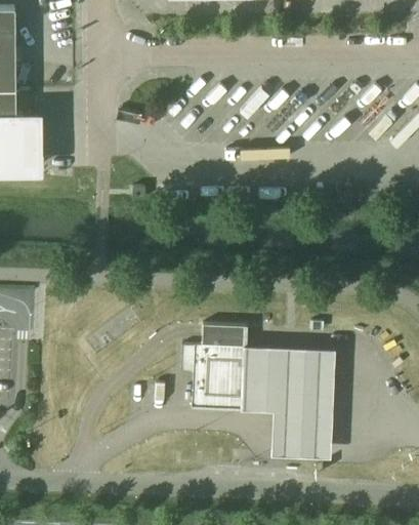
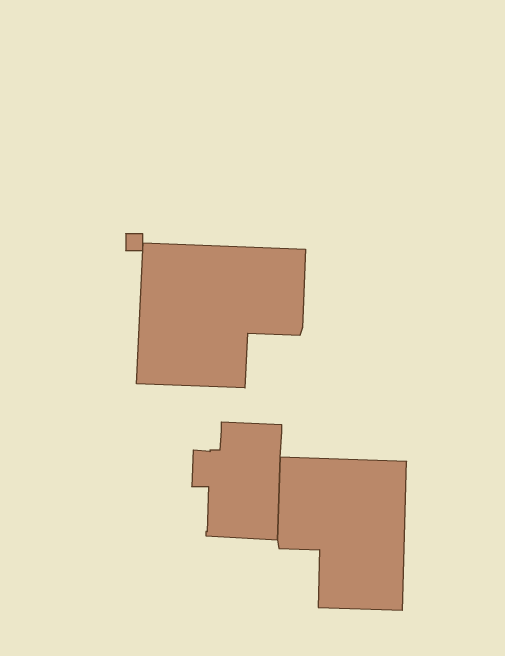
building: none -> [137,243,305,388]

